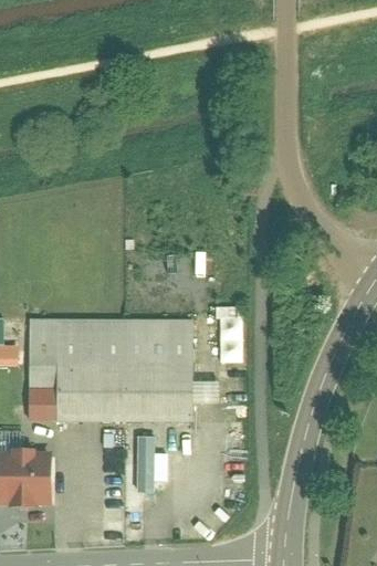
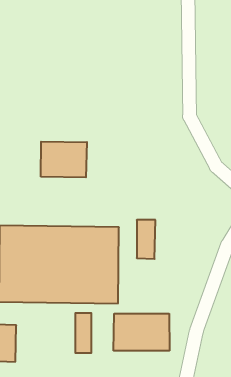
building: none -> [41,142,87,177]
building: none -> [114,314,169,351]

